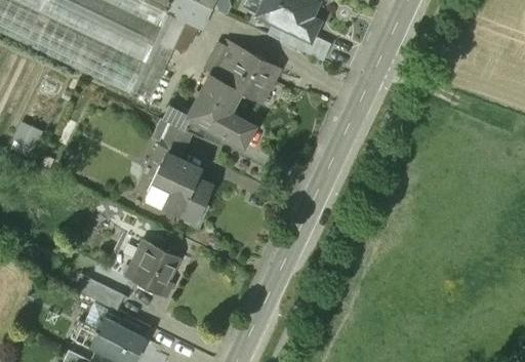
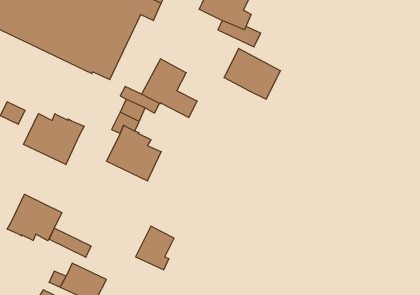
building: [210,40,278,100] -> [224,48,281,99]
building: none -> [24,114,84,165]
building: none -> [7,194,62,241]
building: [133,243,179,295] -> [136,226,174,270]

